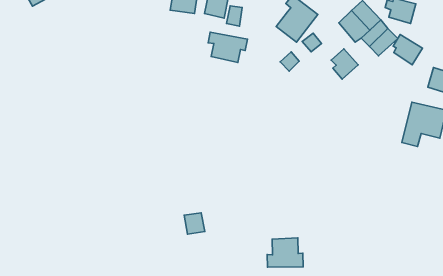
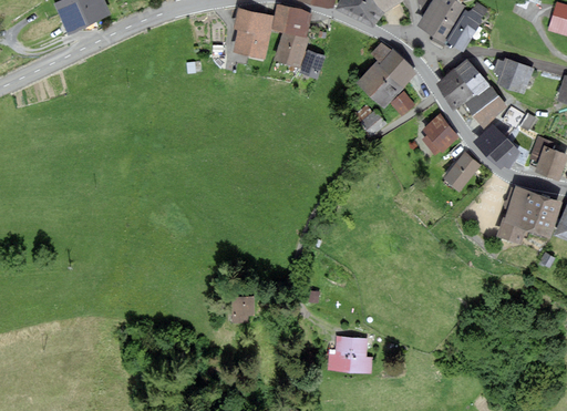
building: [208,32,248,62] -> none
building: none -> [474,124,520,169]
building: none -> [442,152,478,189]

